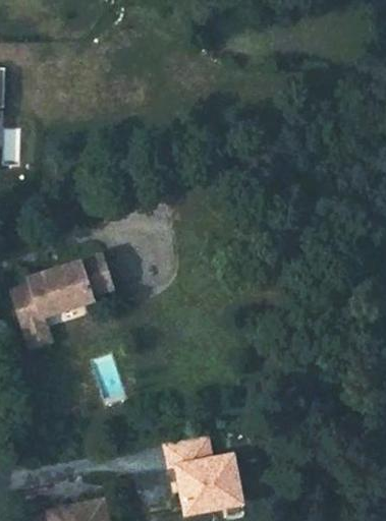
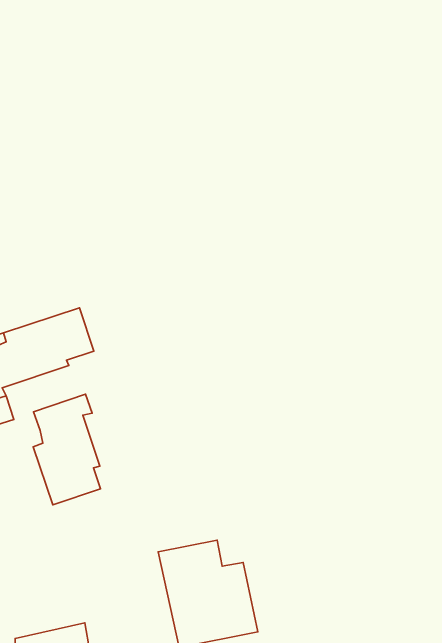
building: none -> [33,394,101,505]

